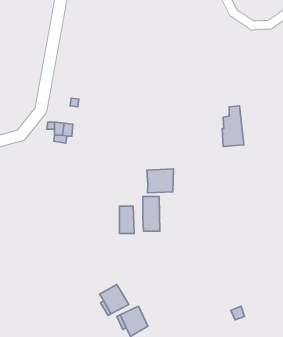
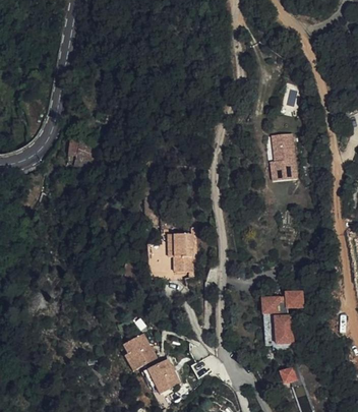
building: [147,169,173,193] -> none
building: none -> [262,288,303,346]

